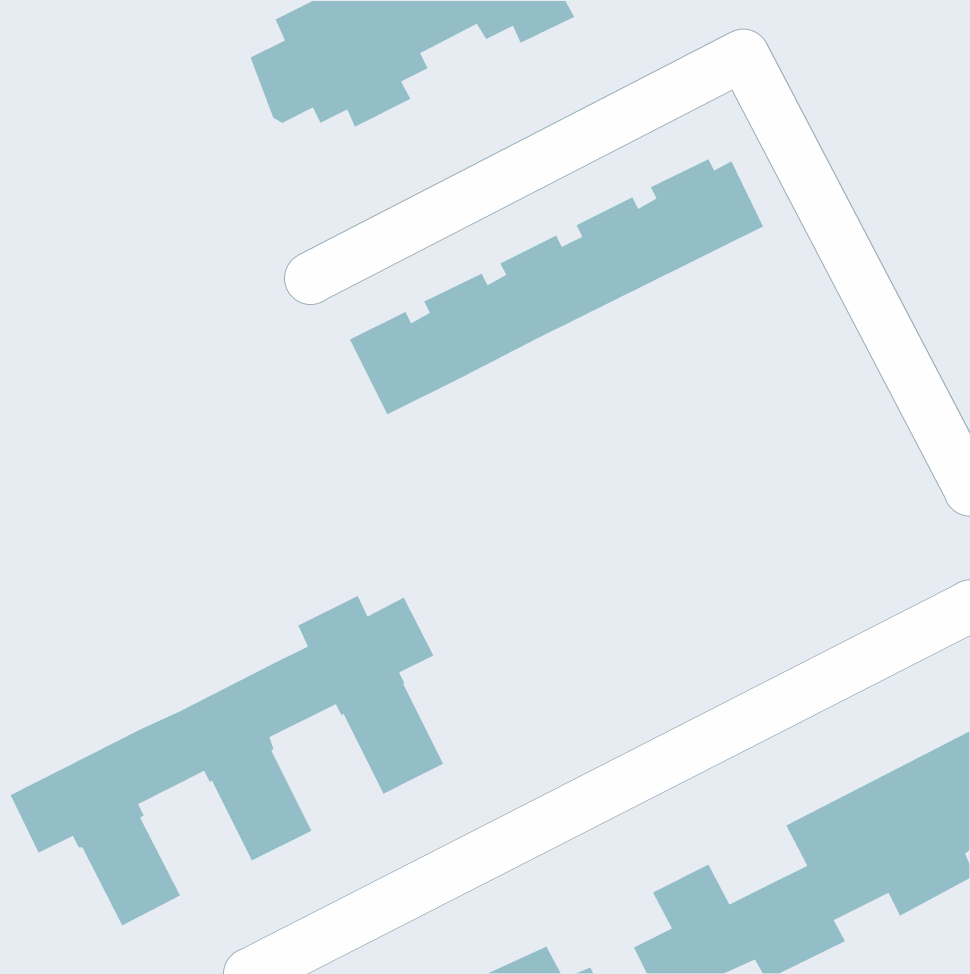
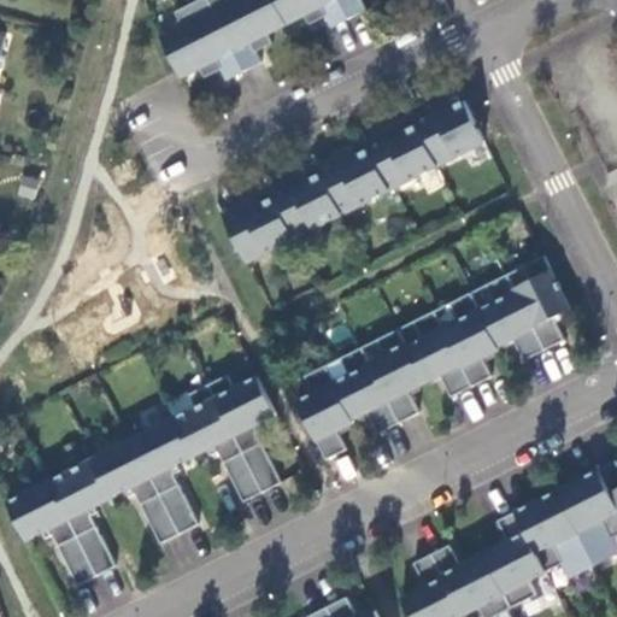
building: none -> [295,257,569,462]

